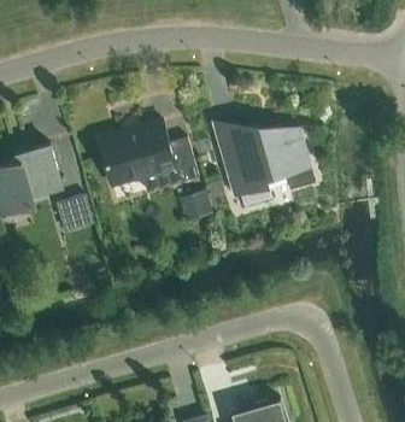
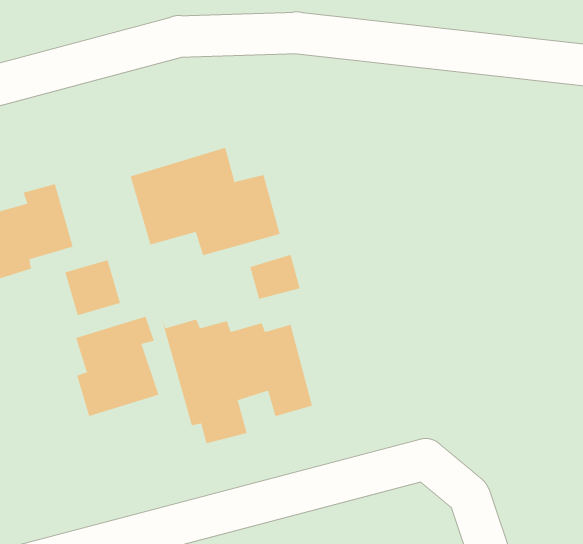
building: [213,123,315,207] -> [160,317,313,444]
building: none -> [75,316,159,417]

